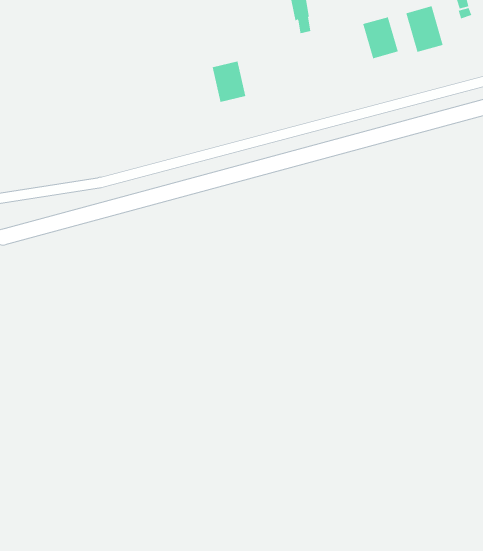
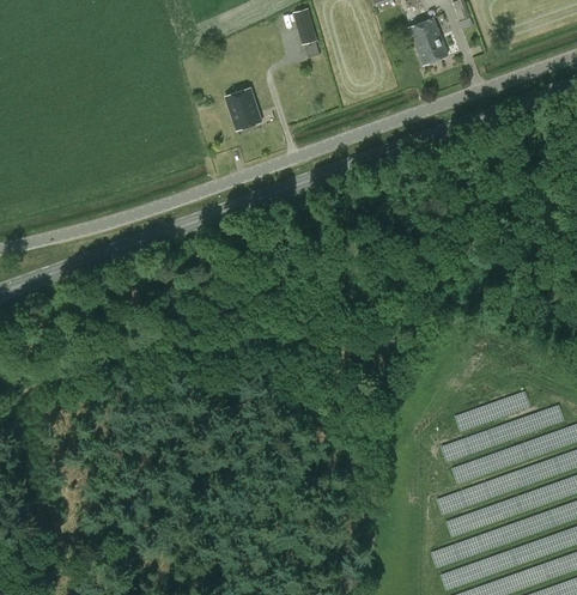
building: [363,16,398,59] -> none

